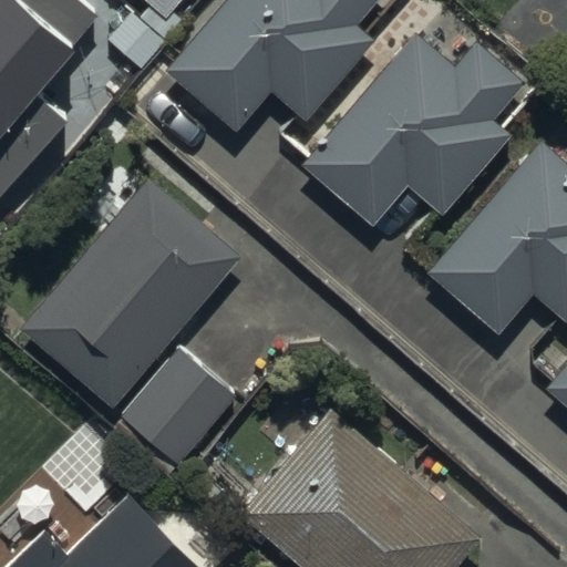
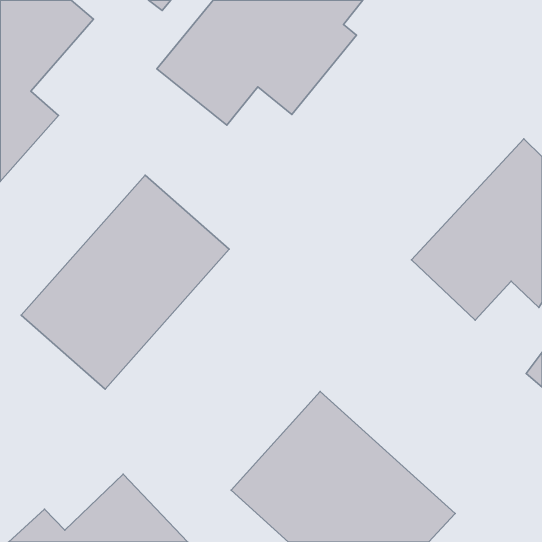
building: [298,37,524,228] -> none
building: [118,348,237,467] -> none

